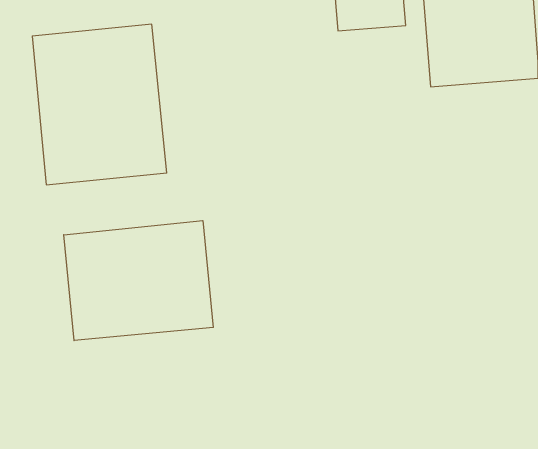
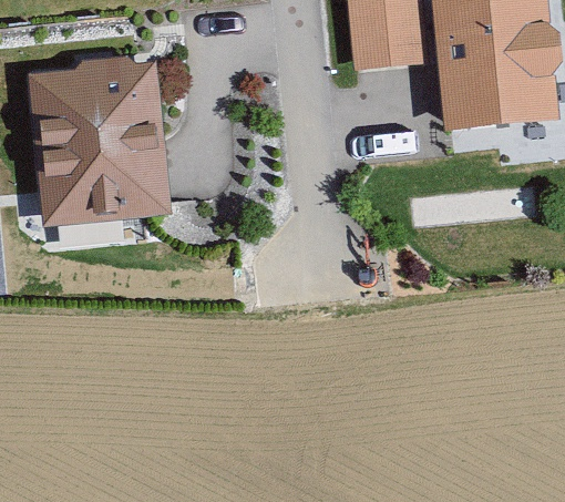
building: [64,221,213,341] -> none

